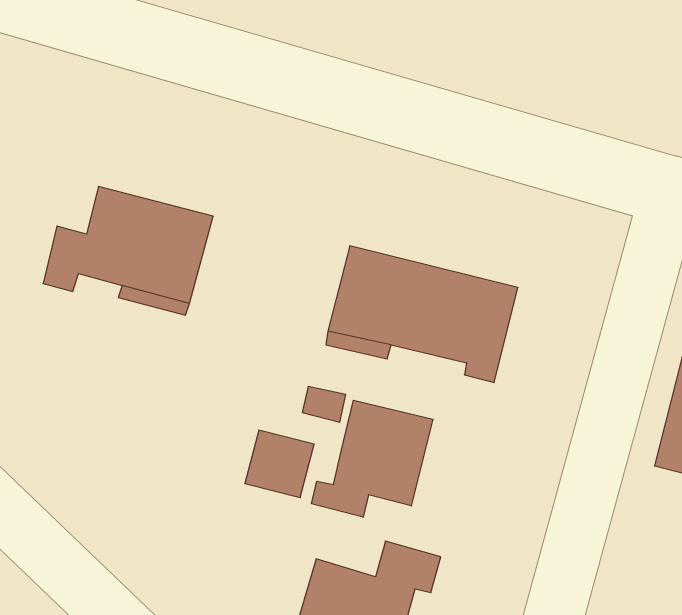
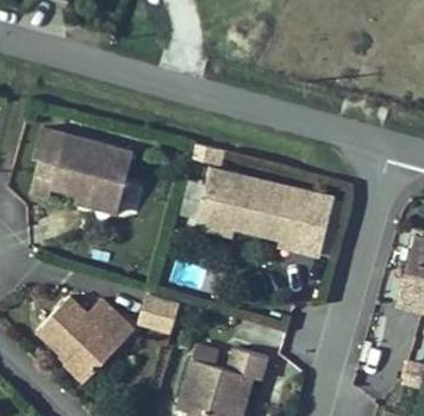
building: [312,400,433,517] -> none
building: none -> [31,298,129,384]

